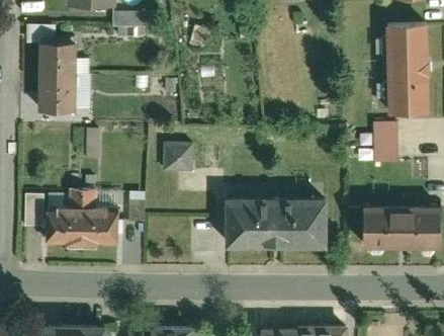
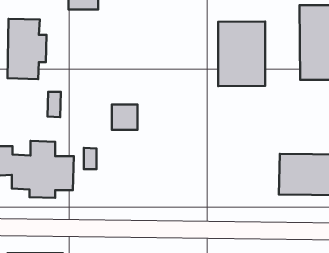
building: none -> [218,21,265,86]
building: [372,122,396,165] -> none
building: [225,191,329,247] -> none

